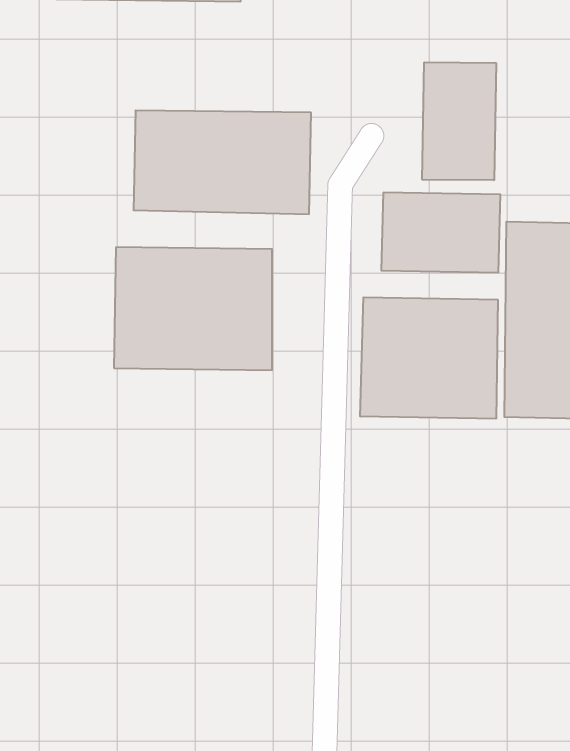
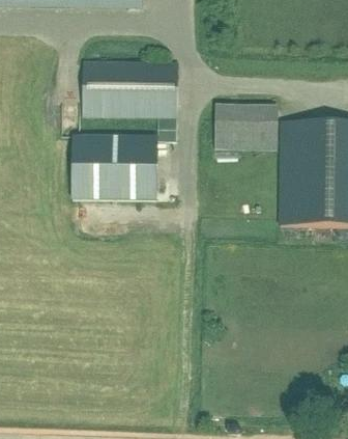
building: [422,62,496,180] -> none
building: [360,297,498,419] -> none

